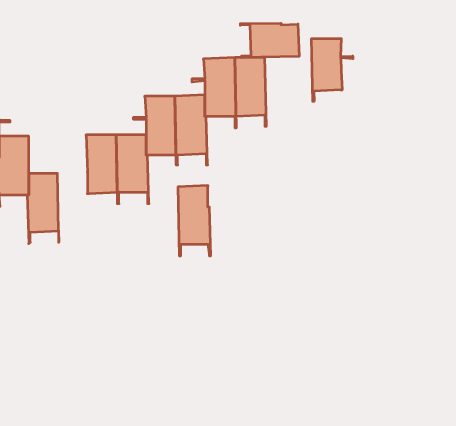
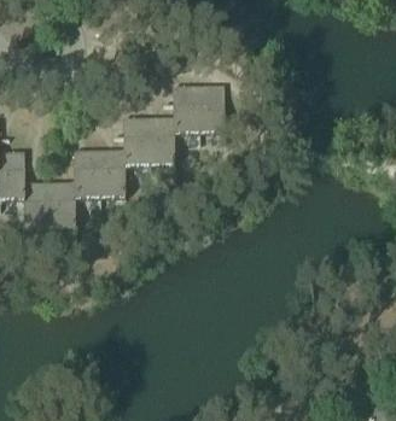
building: [240,23,299,58] -> none
building: [312,39,353,101] -> none
building: [178,186,211,256] -> [50,181,77,240]

